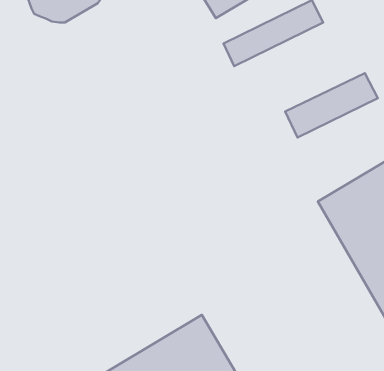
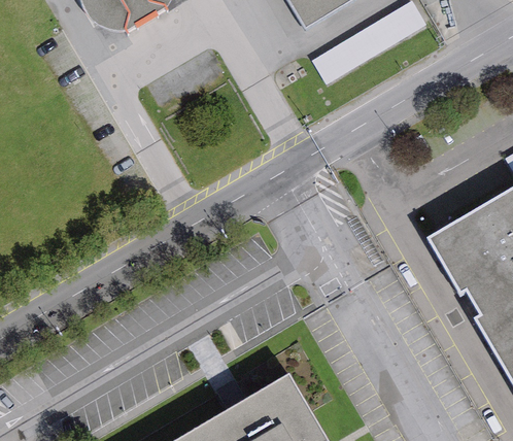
building: [285,73,378,137] -> none

